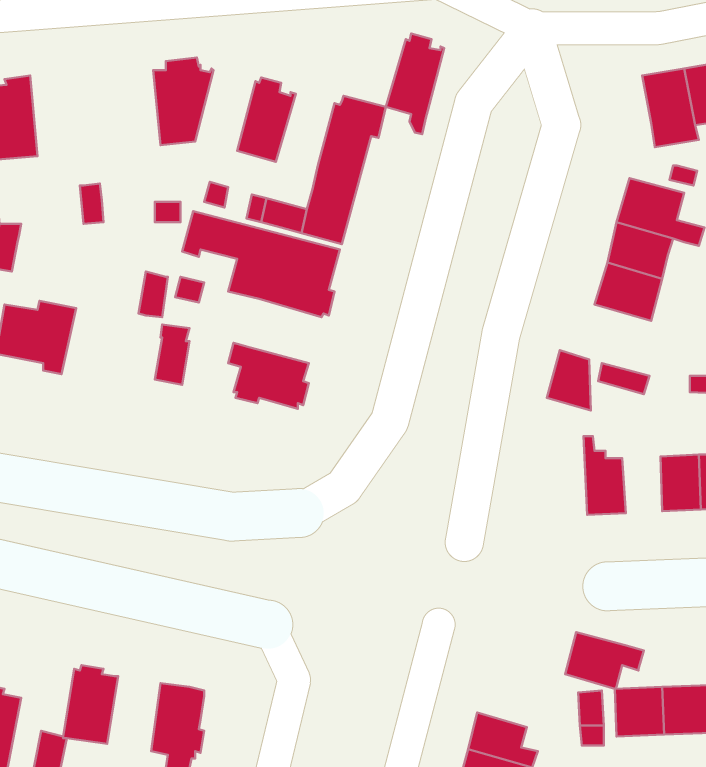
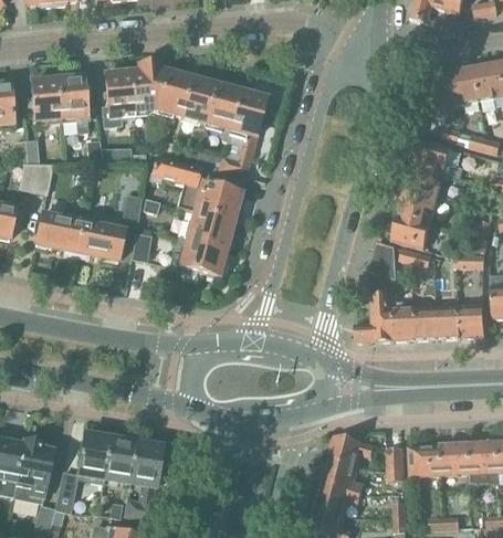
building: [386,34,444,134] -> [206,83,241,144]
building: none -> [102,68,136,127]
building: none -> [157,70,193,120]
building: none -> [57,74,88,133]
building: none -> [188,210,233,249]
building: none -> [391,213,432,249]
building: none -> [76,215,125,260]
building: none -> [355,293,394,342]
building: none -> [415,305,439,339]
building: [565,632,644,689] -> [327,434,375,468]
building: none -> [104,435,136,483]

